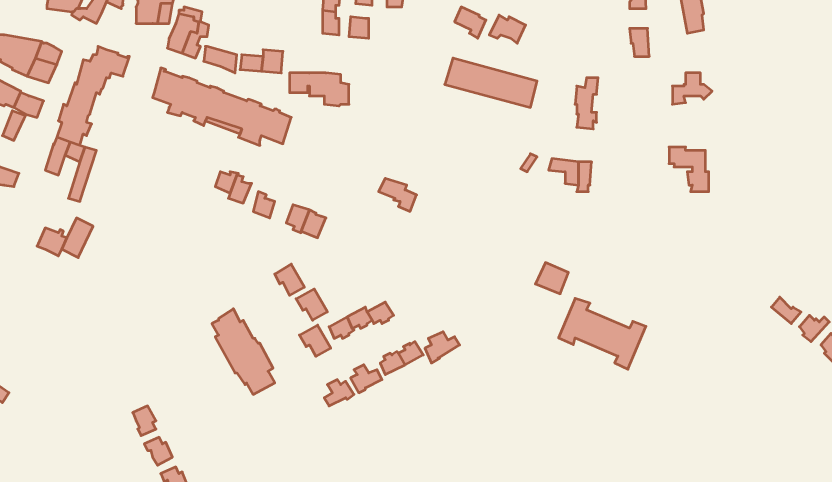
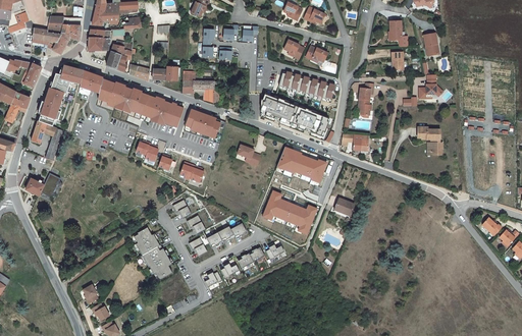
building: none -> [77,70,102,94]
building: none -> [260,94,330,137]
building: none -> [185,109,219,137]
building: none -> [276,146,326,182]
building: [559,298,646,369] -> [262,190,316,234]

